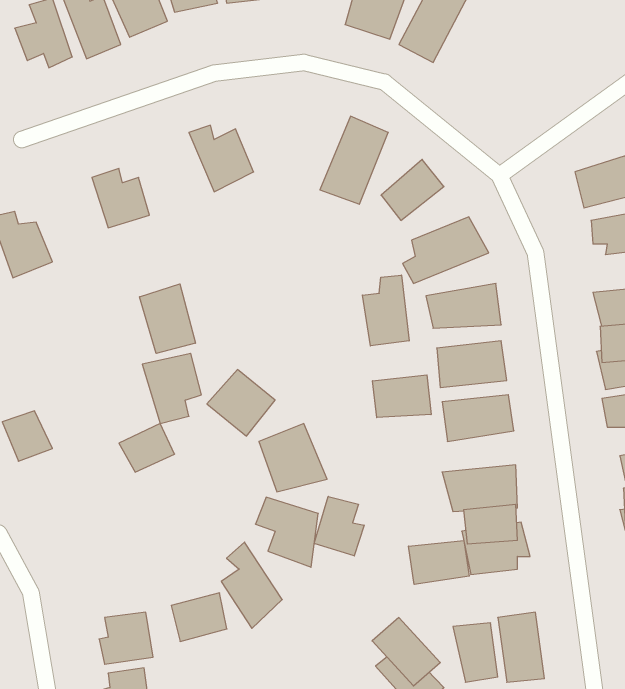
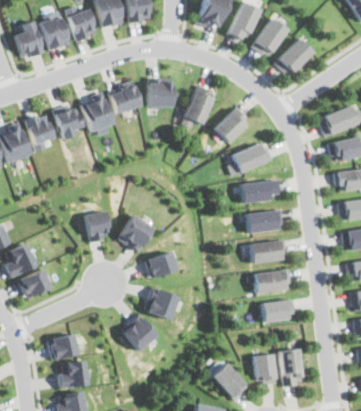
building: none -> [250,18,290,60]
building: none -> [274,39,319,83]
building: none -> [145,76,175,114]
building: none -> [81,91,118,133]
building: none -> [25,117,57,153]
building: [362,275,409,346] -> none
building: [140,284,195,353] -> none
building: [373,375,431,418] -> none
building: [119,424,175,472] -> [16,265,47,292]
building: [314,496,364,556] -> none
building: [409,541,469,584] -> none
building: [171,593,227,641] -> [47,326,78,353]

